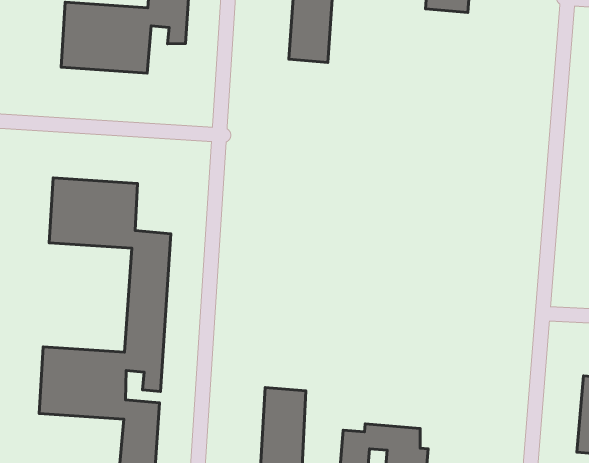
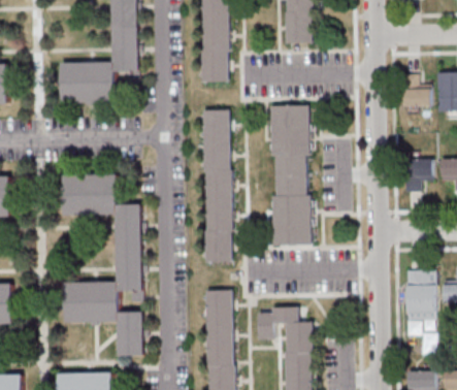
building: none -> [203,112,231,265]
building: none -> [271,107,312,247]

